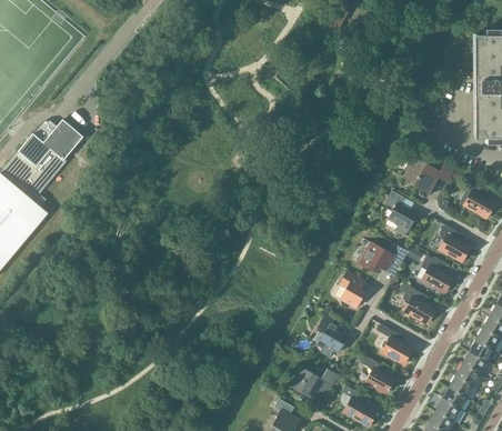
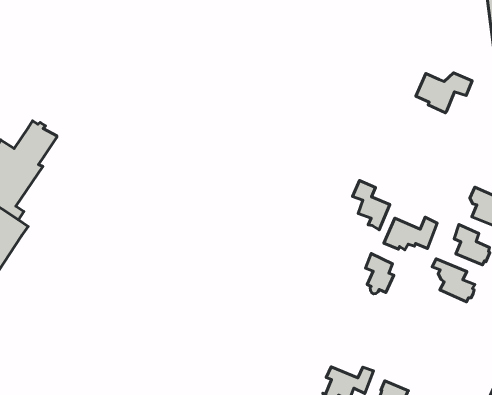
building: [404,158,455,194] -> [416,73,472,113]
building: [385,191,418,237] -> [352,180,390,230]
building: [317,317,344,358] -> none
building: [378,324,412,365] -> none
building: [361,355,395,394] -> none

